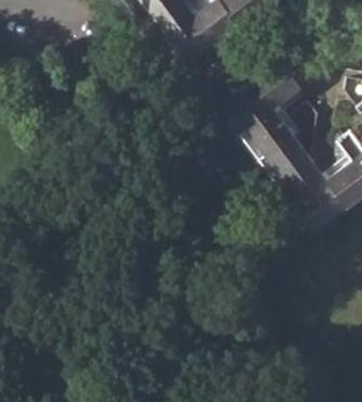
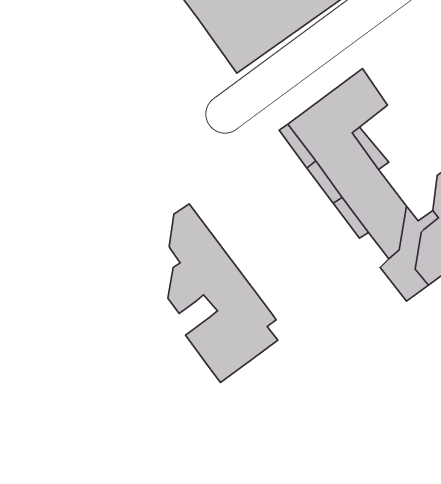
building: none -> [168,204,278,383]

